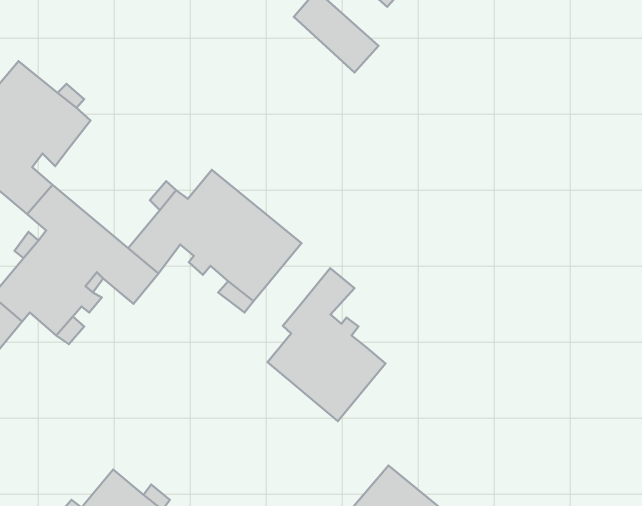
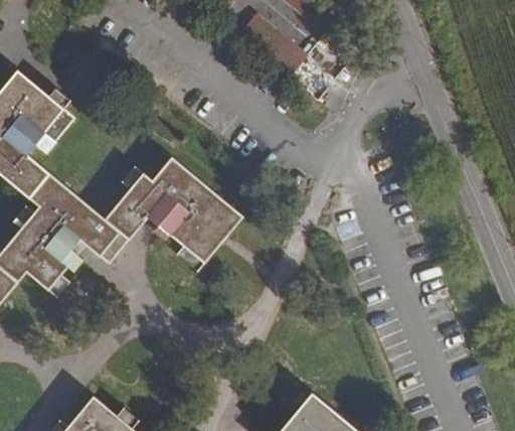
building: [267,268,385,421] -> none

